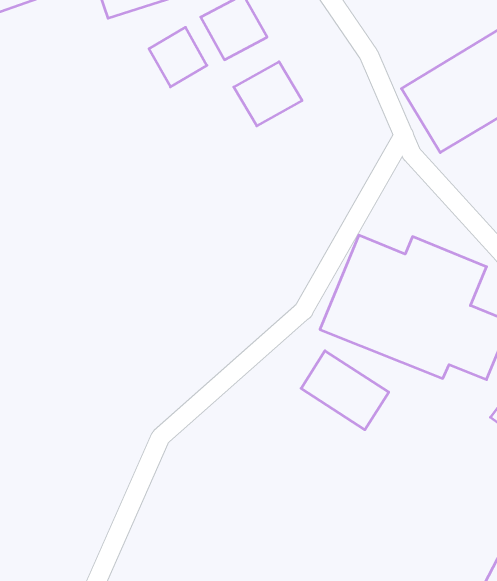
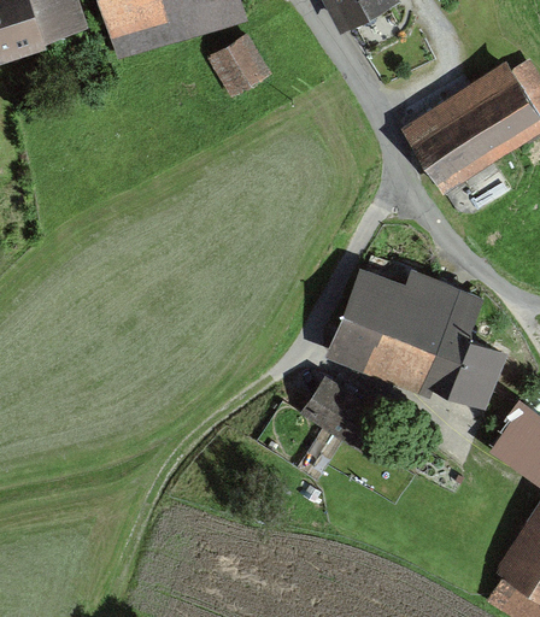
building: [149,27,207,87] -> none
building: [234,62,302,126] -> none

